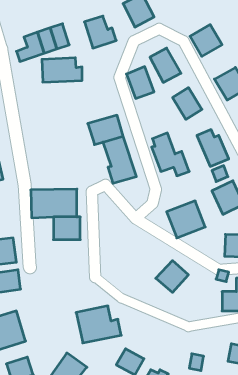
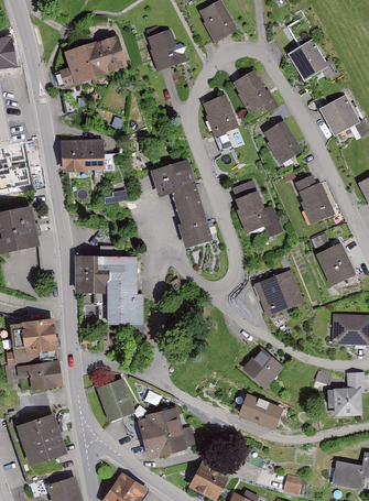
building: [42,58,82,82] -> [63,139,116,171]
building: none -> [96,378,133,418]
building: none -> [243,395,283,427]

